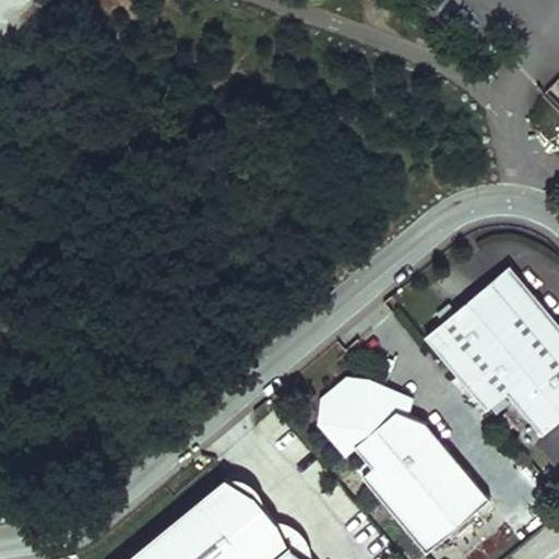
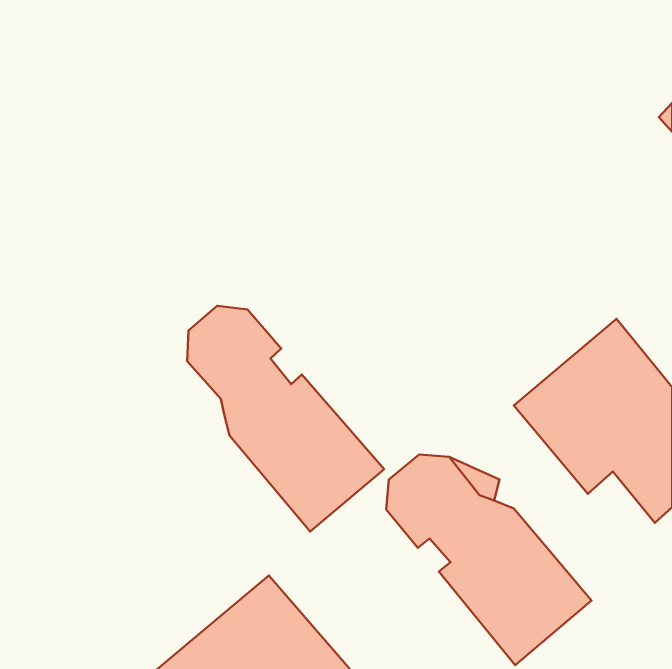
building: none -> [187,306,384,531]

